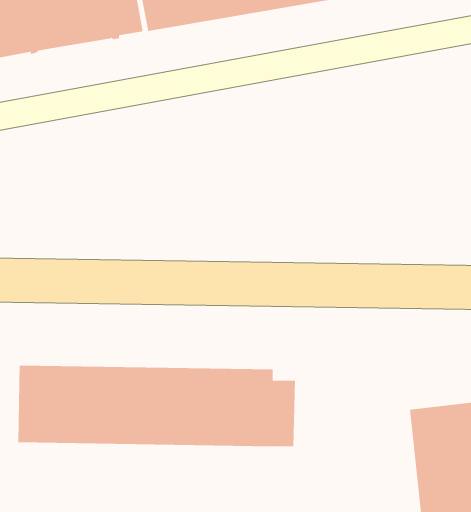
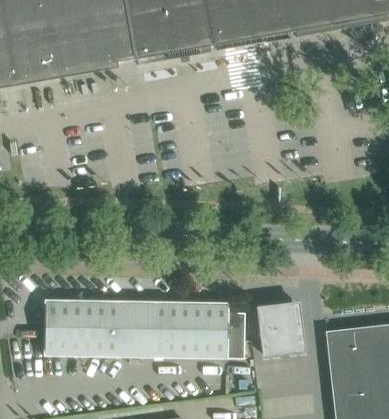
building: none -> [257,297,302,349]

